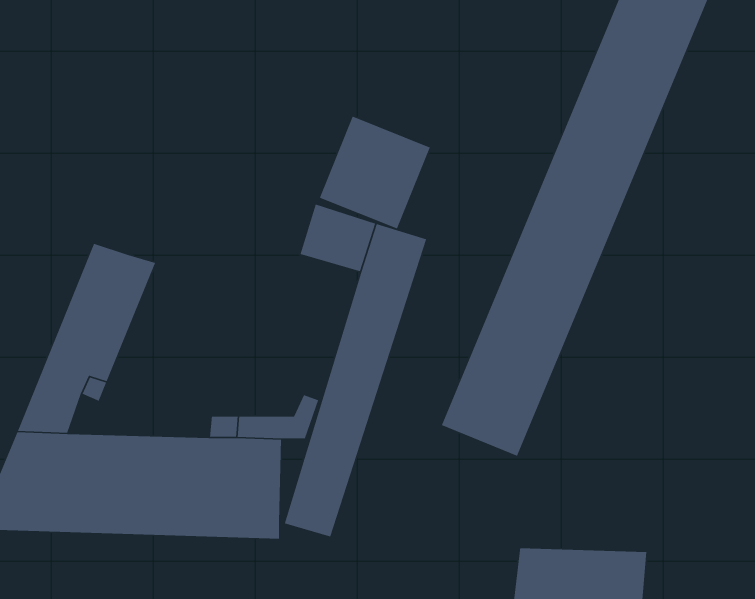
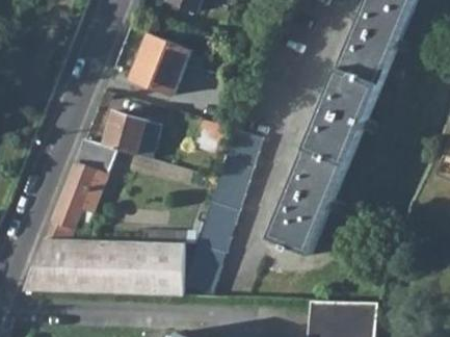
building: [319,116,431,230] -> [129,34,188,95]
building: none -> [102,111,157,154]

